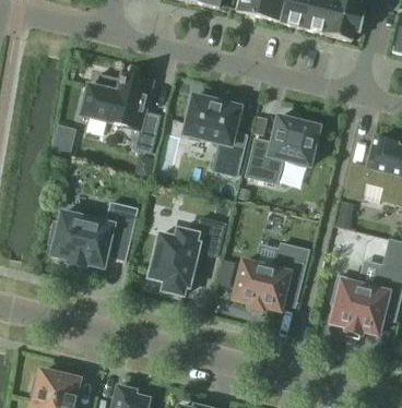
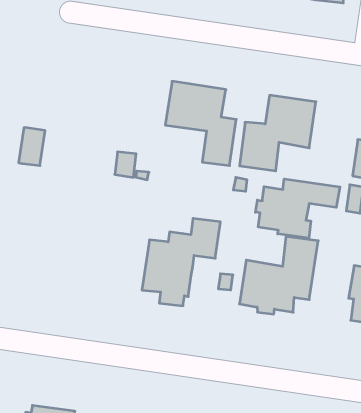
building: [82,72,159,151] -> none
building: none -> [255,179,340,238]
building: [49,201,139,266] -> none

